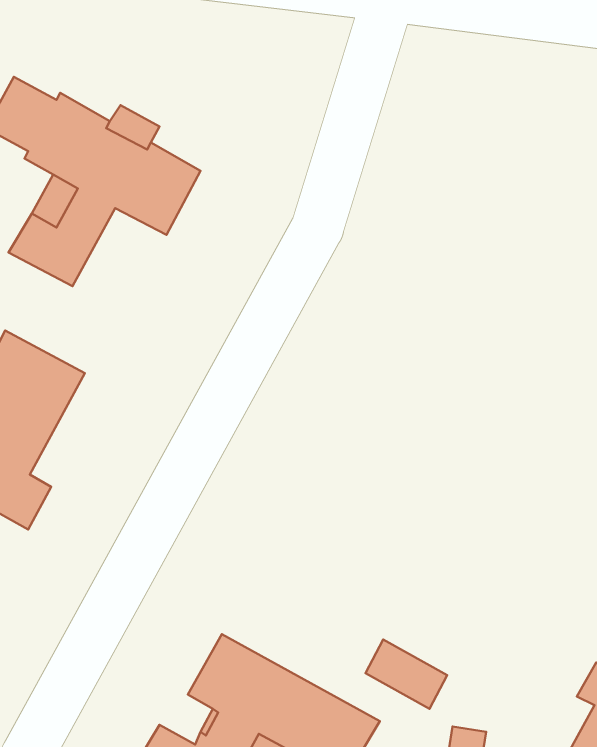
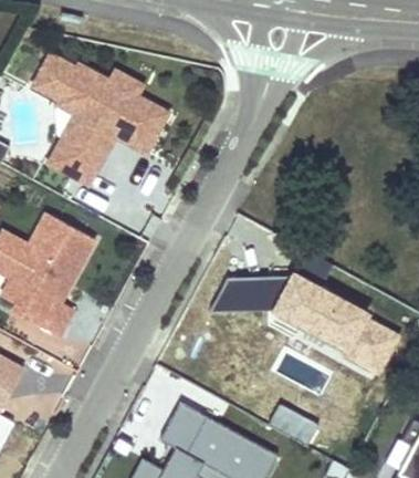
building: none -> [211,277,399,380]

